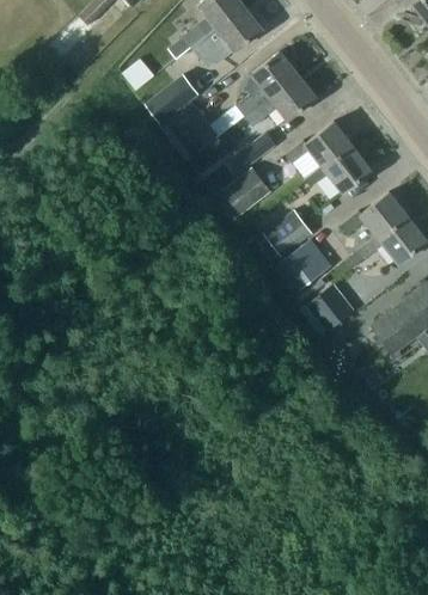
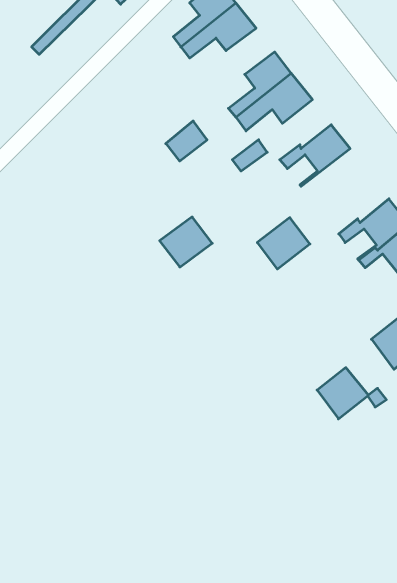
building: [143,73,200,123] -> none
building: [305,143,372,192] -> none
building: [221,167,271,215] -> [160,217,212,267]
building: [273,245,323,295] -> none
building: [306,283,355,332] -> [317,368,368,419]

